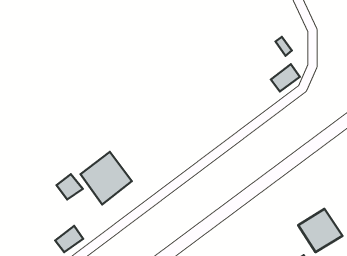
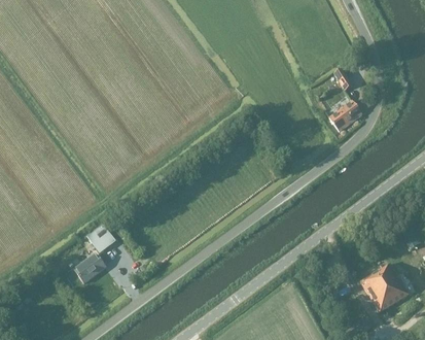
building: [81,152,132,204] -> none
building: [55,226,83,252] -> [74,252,106,282]

